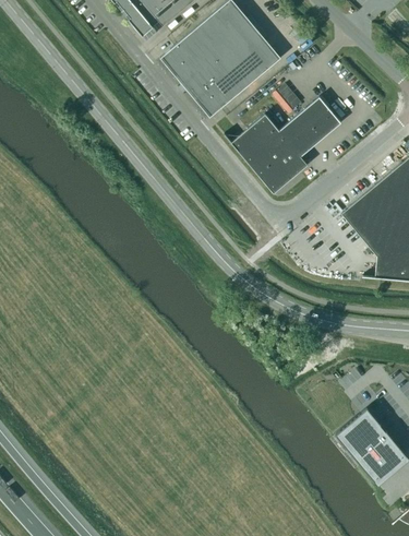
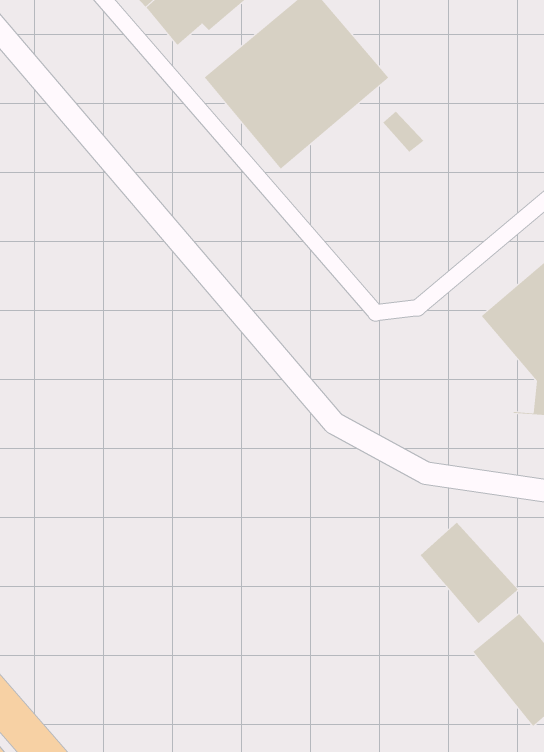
building: [225,96,340,192] -> none
building: none -> [420,522,519,624]

